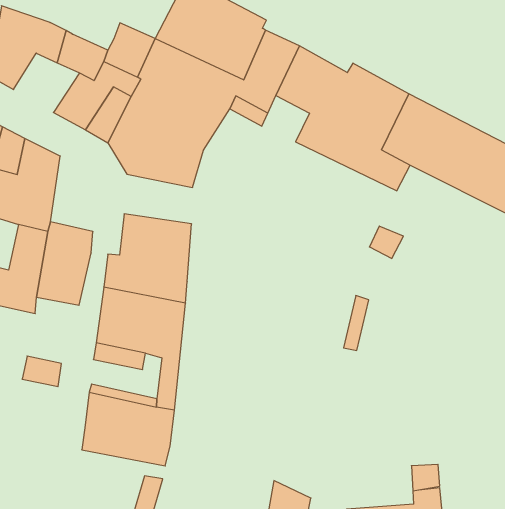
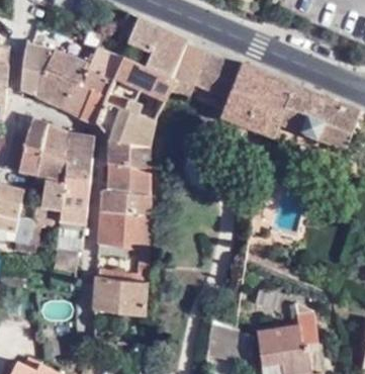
building: none -> [35,70,75,105]
building: none -> [64,131,92,176]
building: none -> [108,139,150,167]

